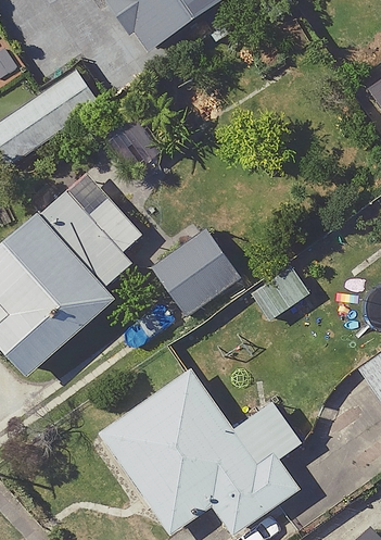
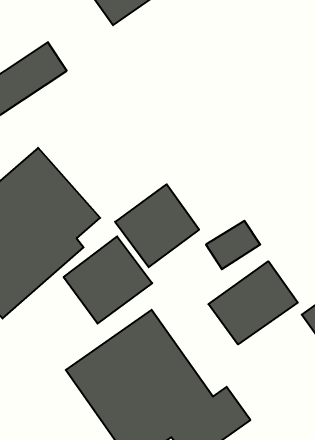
building: none -> [64,236,152,324]
building: none -> [208,261,298,344]

